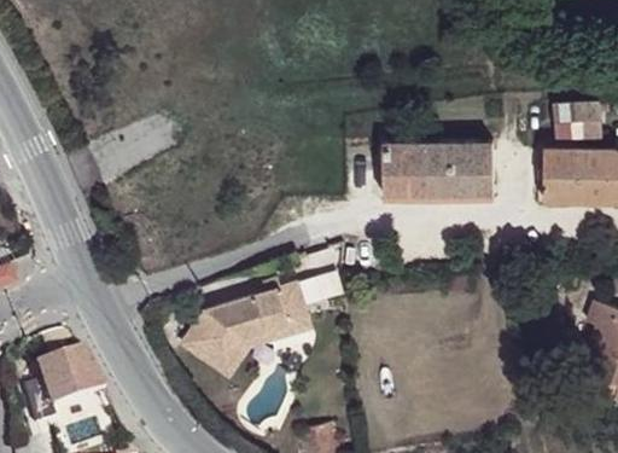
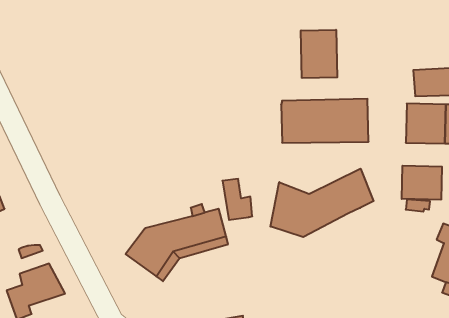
building: none -> [301,30,337,78]
building: none -> [402,166,442,200]
building: none -> [270,169,374,237]

